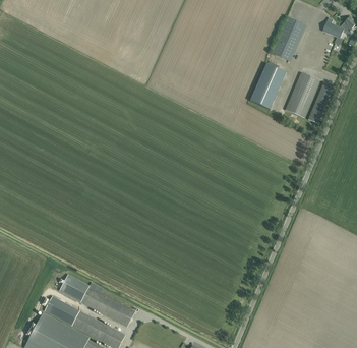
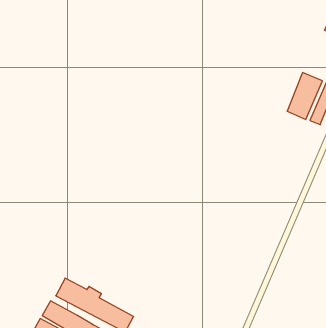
building: [271,17,305,61] -> none
building: [249,63,286,109] -> none

